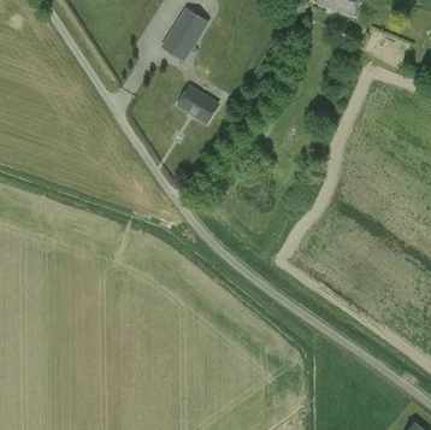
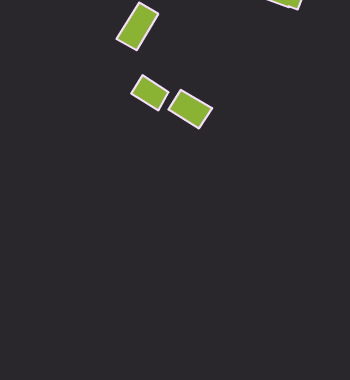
building: none -> [168,90,212,129]

